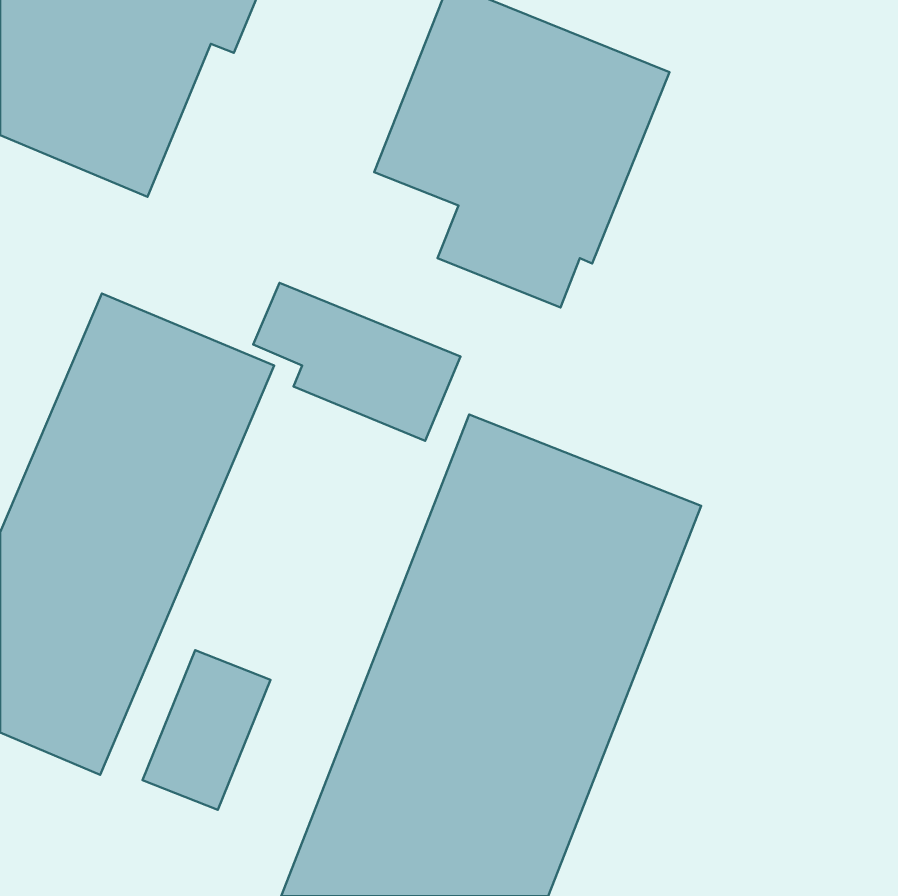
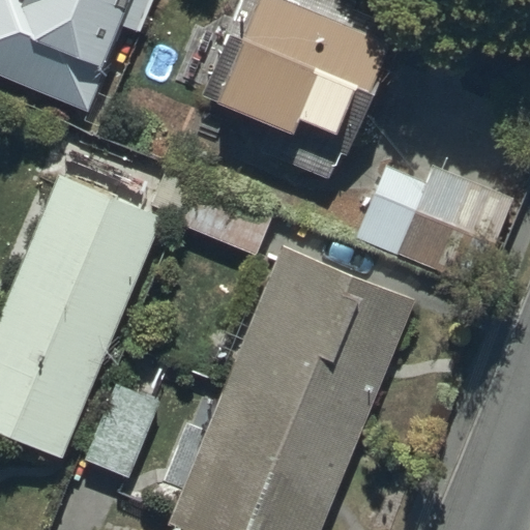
building: none -> [354,167,513,290]

